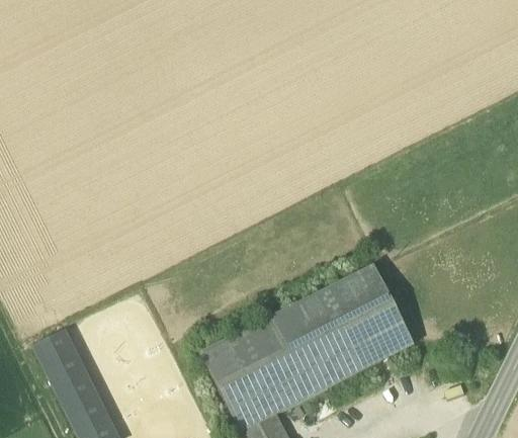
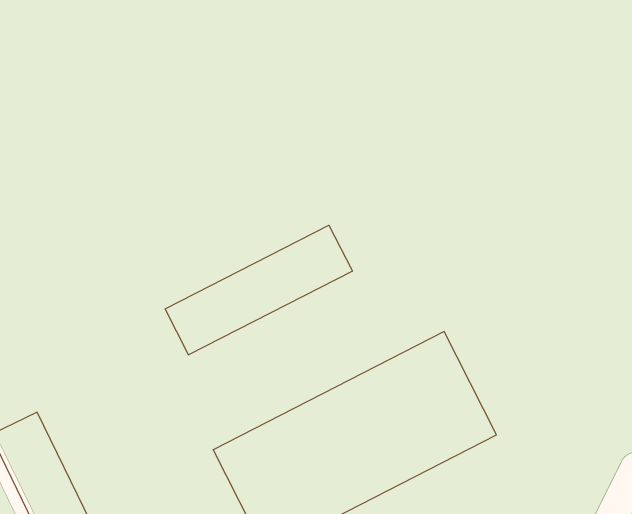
building: none -> [165,225,352,355]

